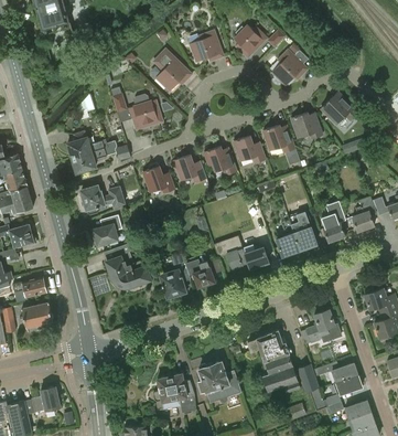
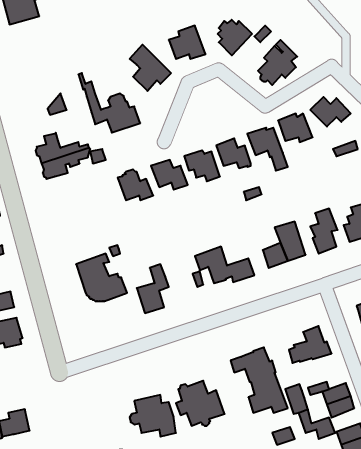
building: [80,185,126,215] -> none
building: [90,215,122,246] -> none
building: [186,259,215,288] -> none

